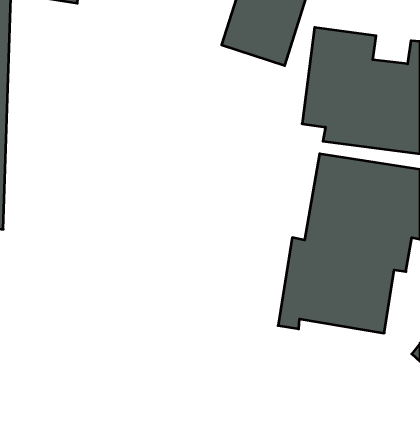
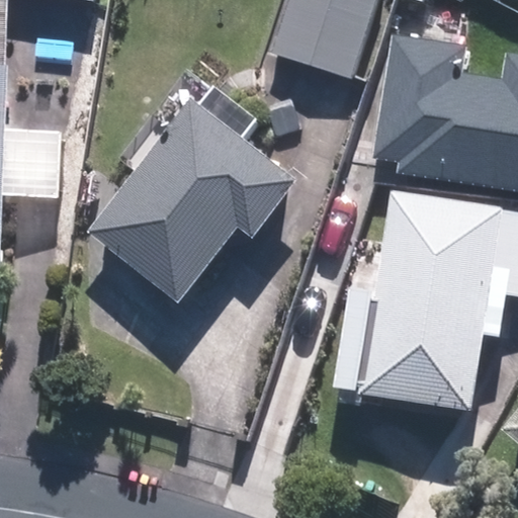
building: none -> [91,100,299,304]

